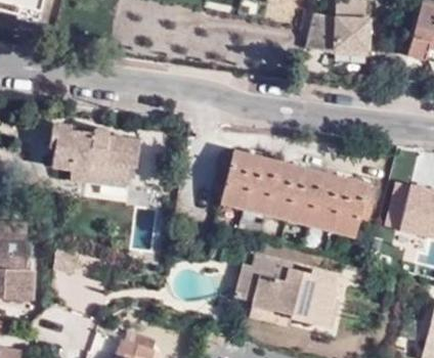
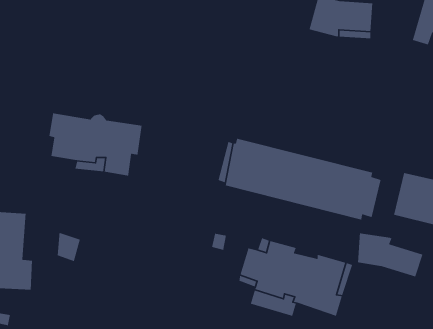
building: none -> [357,233,424,278]

